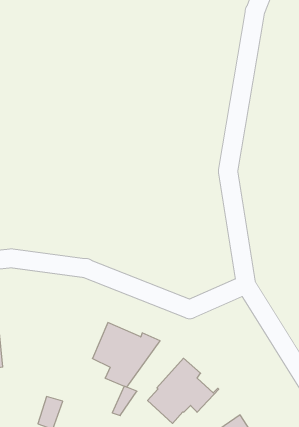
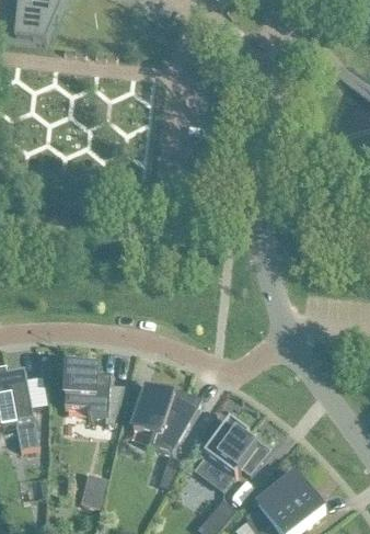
building: none -> [63,365,124,420]

